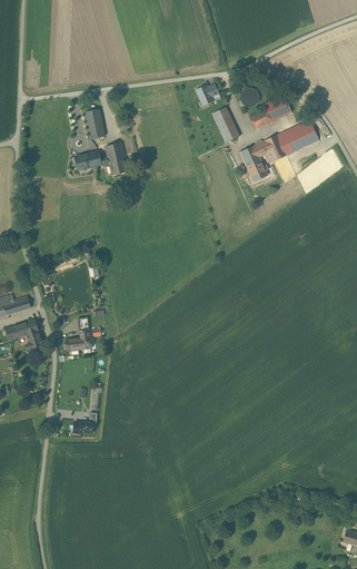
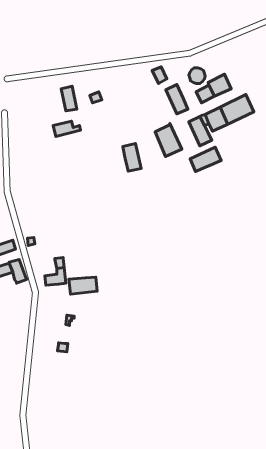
building: [106,141,128,175] -> [123,144,141,171]
building: none -> [155,123,182,157]
building: none -> [190,147,221,171]
building: none -> [69,277,97,294]

